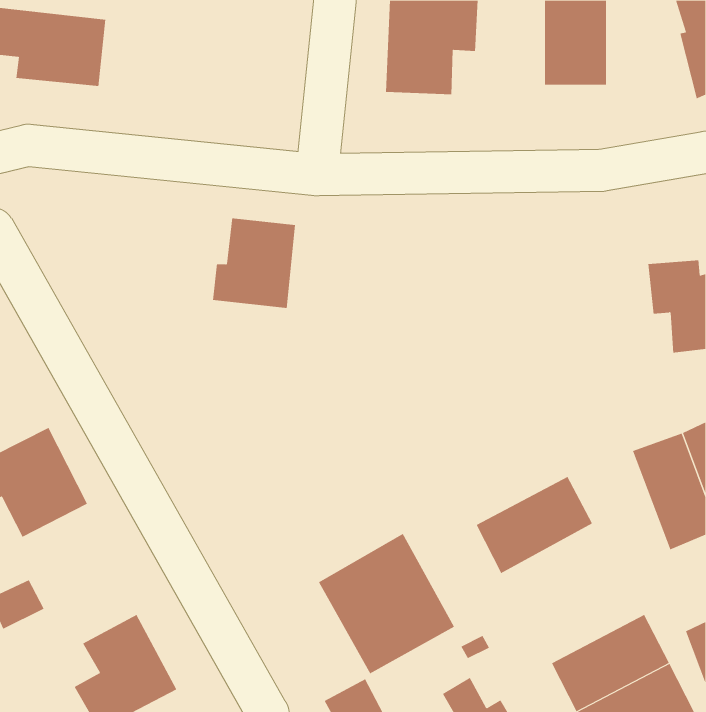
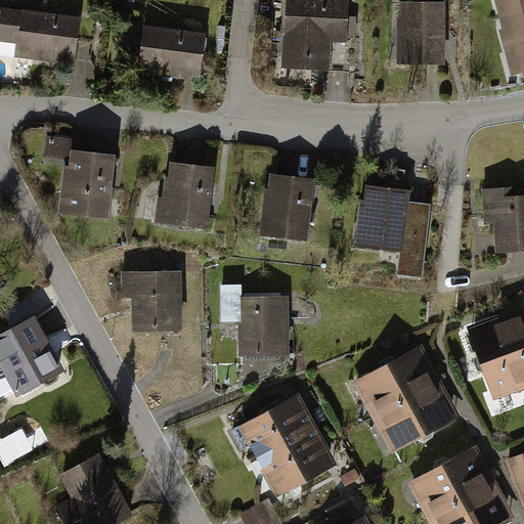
building: none -> [138,27,207,79]
building: none -> [40,135,118,218]
building: none -> [260,173,314,241]
building: none -> [353,190,428,285]
building: none -> [122,268,184,332]
building: none -> [217,281,291,357]
building: none -> [367,385,453,456]

